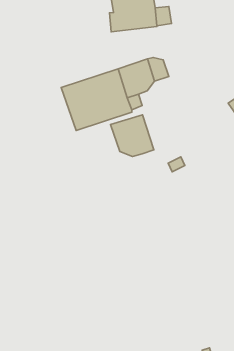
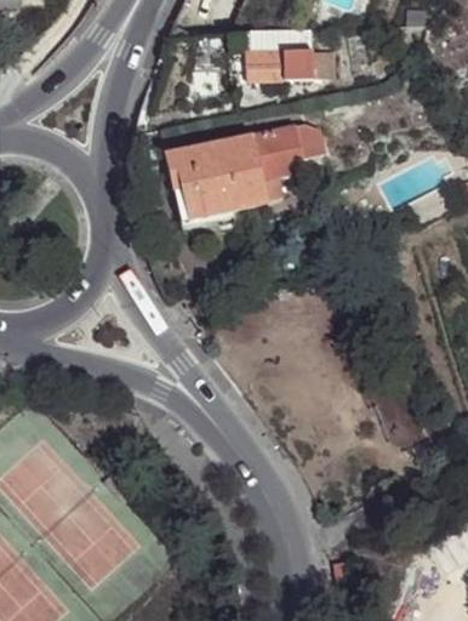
building: [111,115,154,156] -> none

